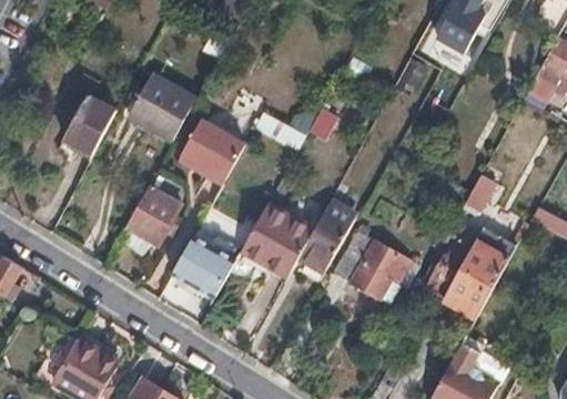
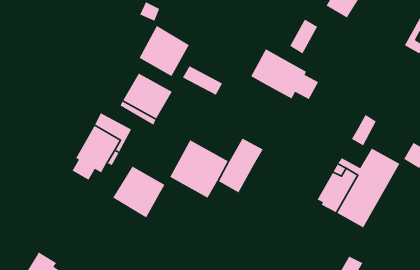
building: [133,74,196,139] -> [138,25,190,77]
building: none -> [250,48,319,100]
building: [63,93,115,153] -> none
building: [328,231,416,296] -> none

